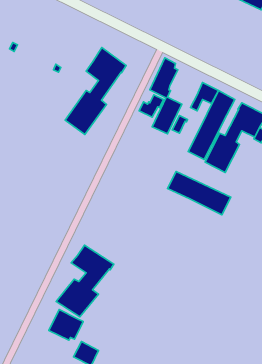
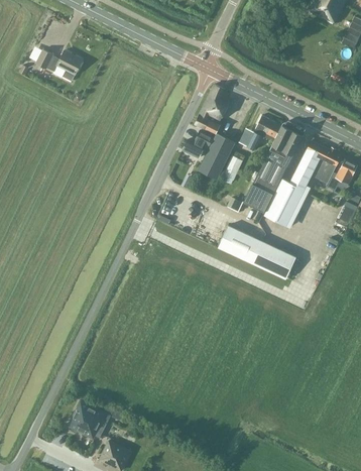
building: none -> [36,48,83,80]
building: [65,47,126,135] -> none
building: [56,245,114,317] -> none

